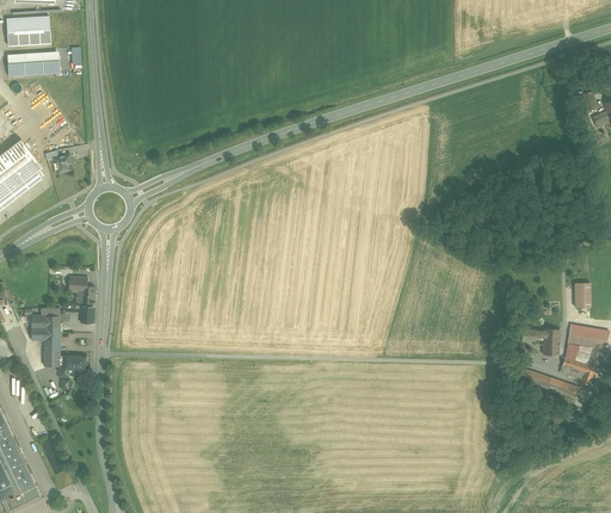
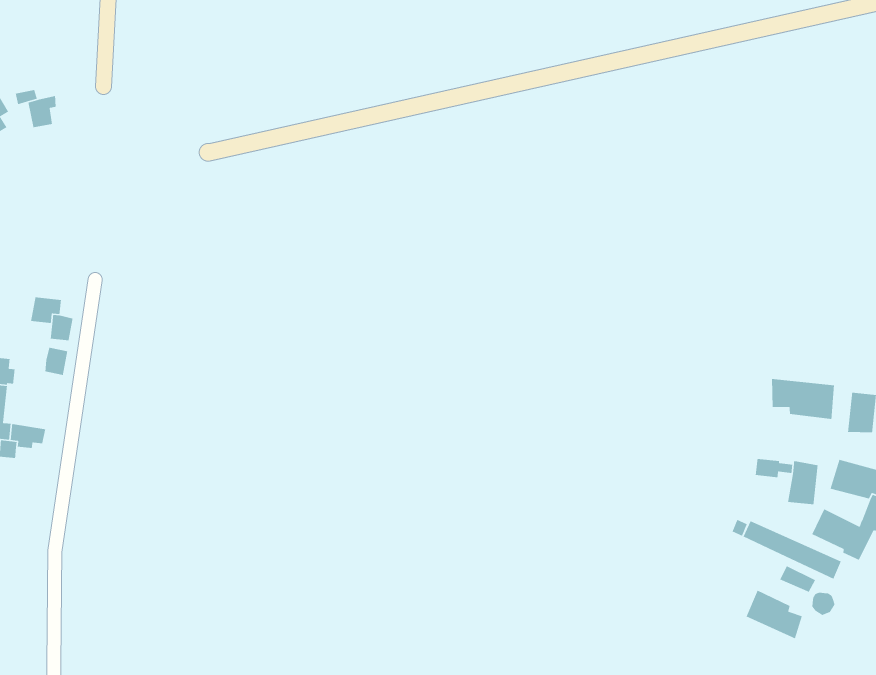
building: none -> [771,378,835,420]
building: none -> [746,590,803,640]

